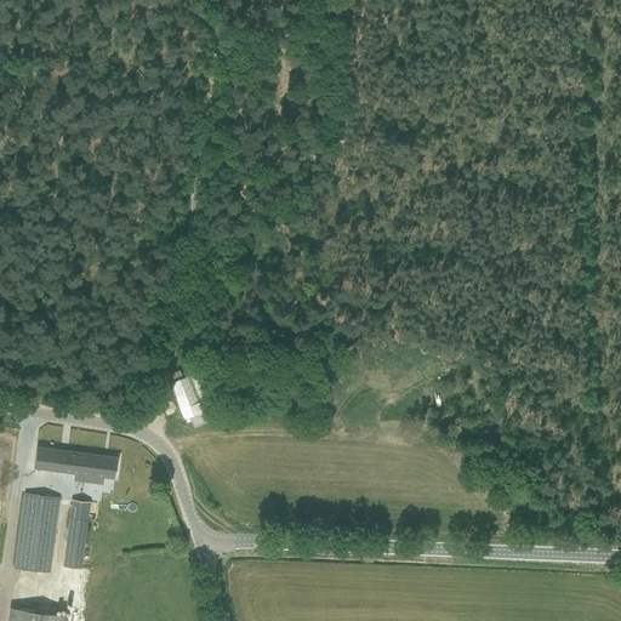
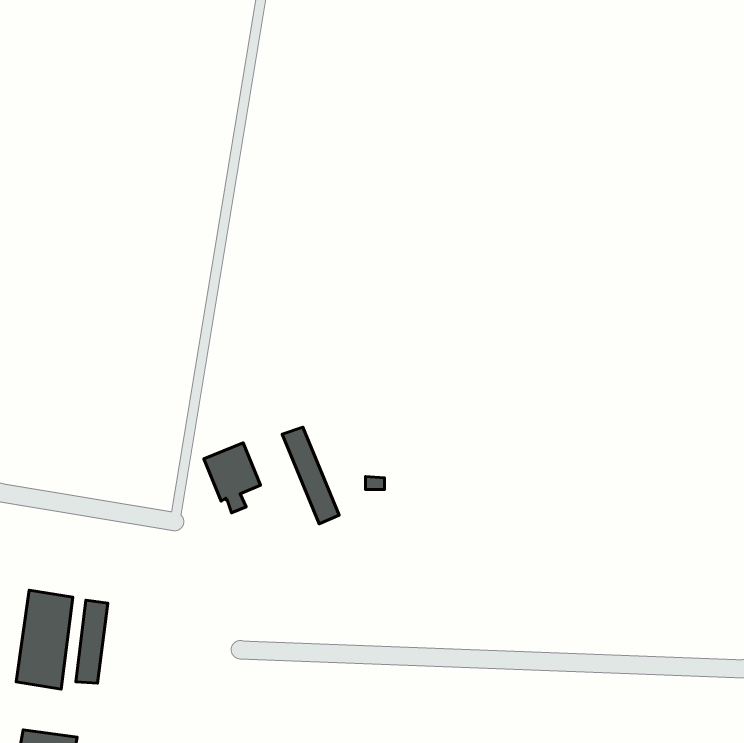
building: none -> [282,427,339,524]
building: [33,448,116,484] -> none

